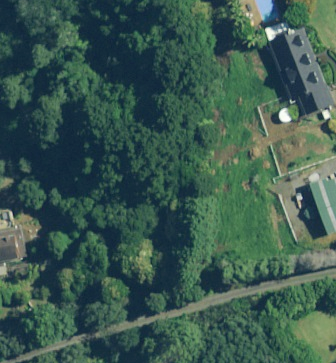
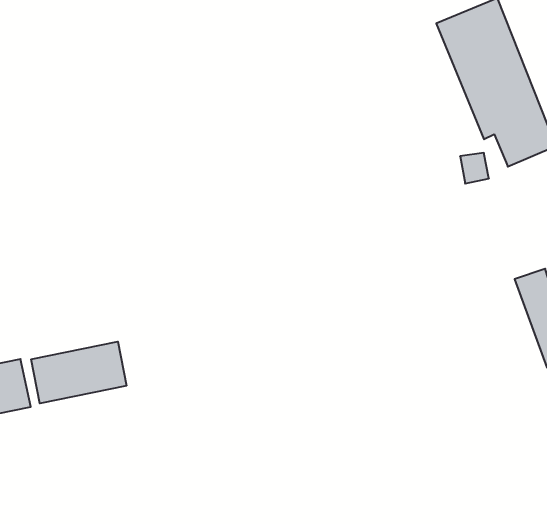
building: none -> [31,342,126,403]

